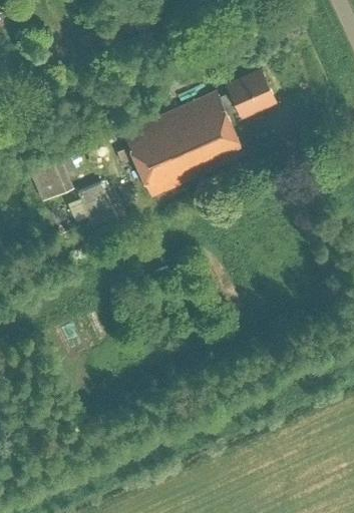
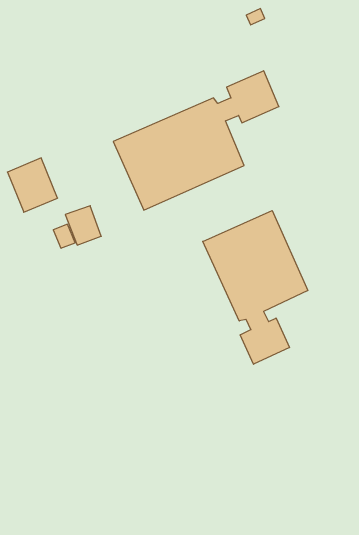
building: none -> [203,211,308,364]

